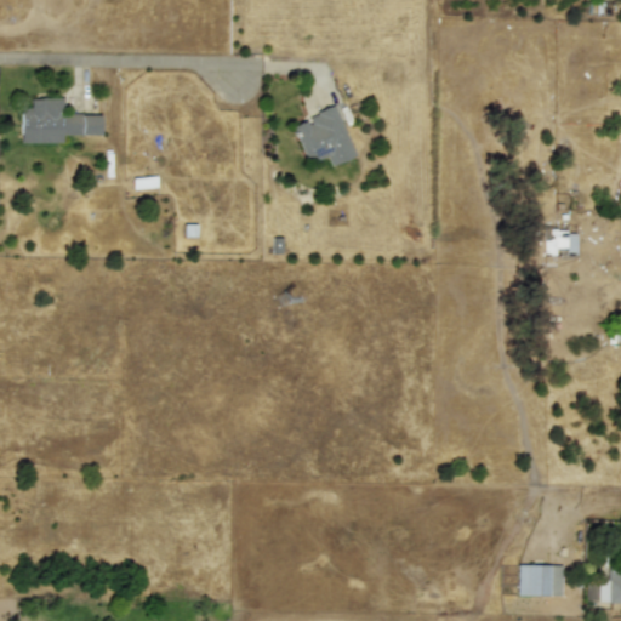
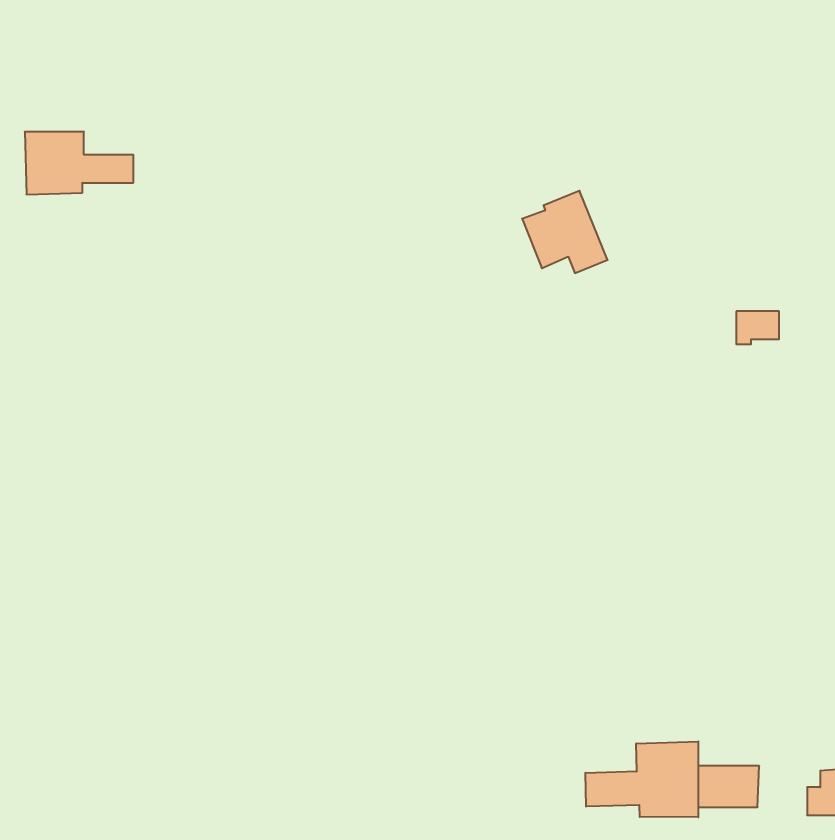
building: [295,106,358,166] -> [522,191,608,273]
building: none -> [585,741,698,817]

